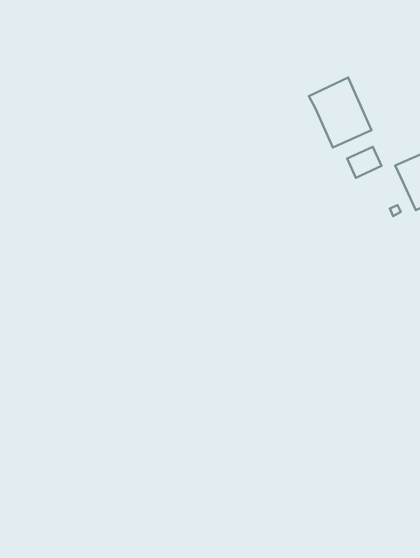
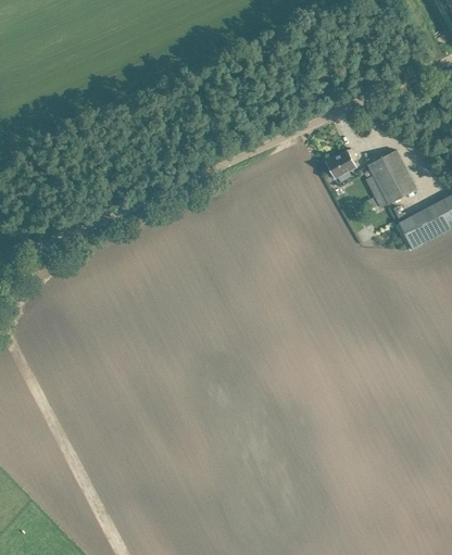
building: [309,78,372,147] -> none

